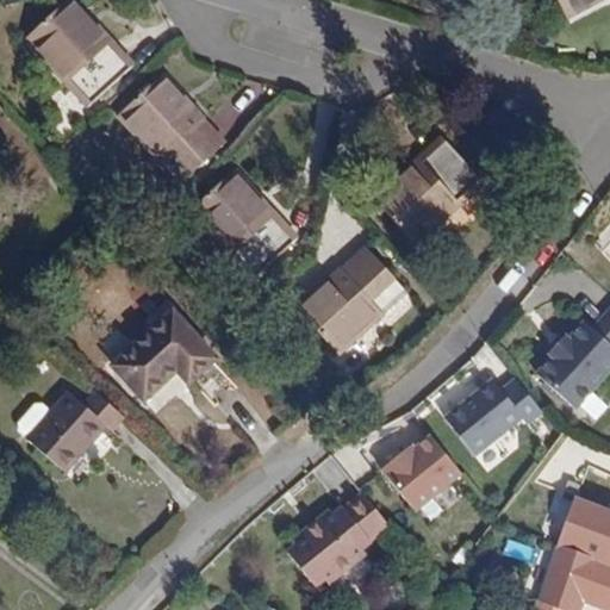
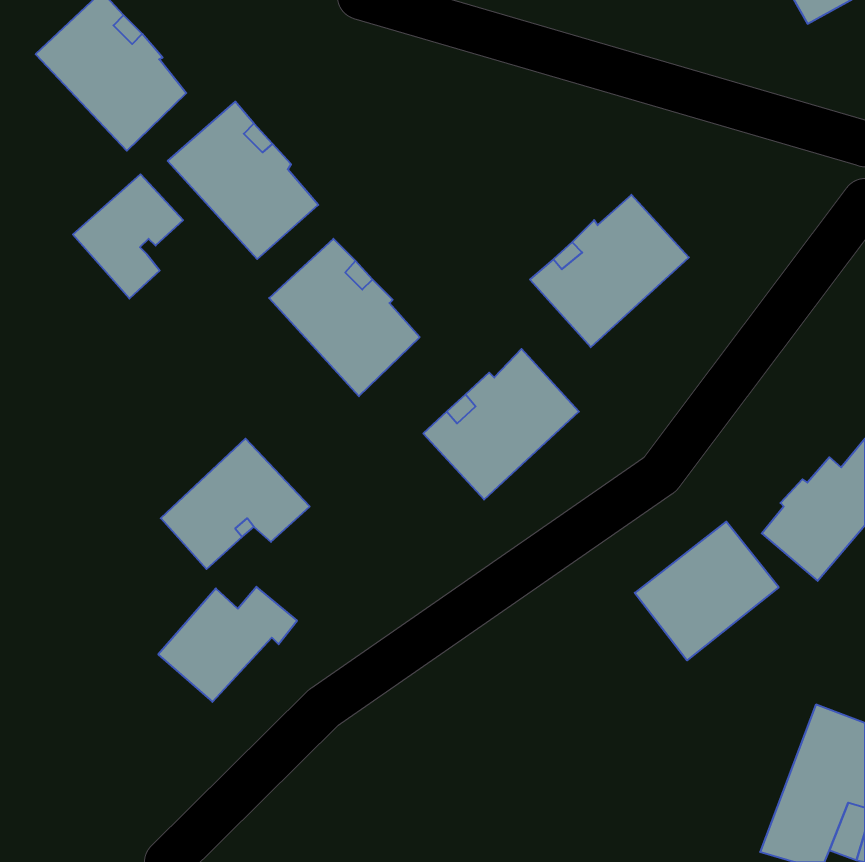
building: none -> [73,174,183,299]
building: [27,390,125,471] -> [158,587,297,702]
building: [382,429,466,511] -> none
building: [285,492,385,587] -> none

